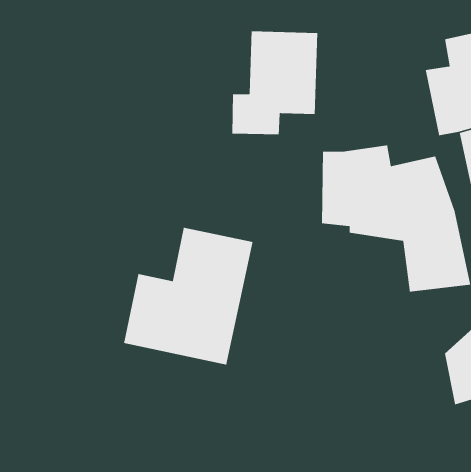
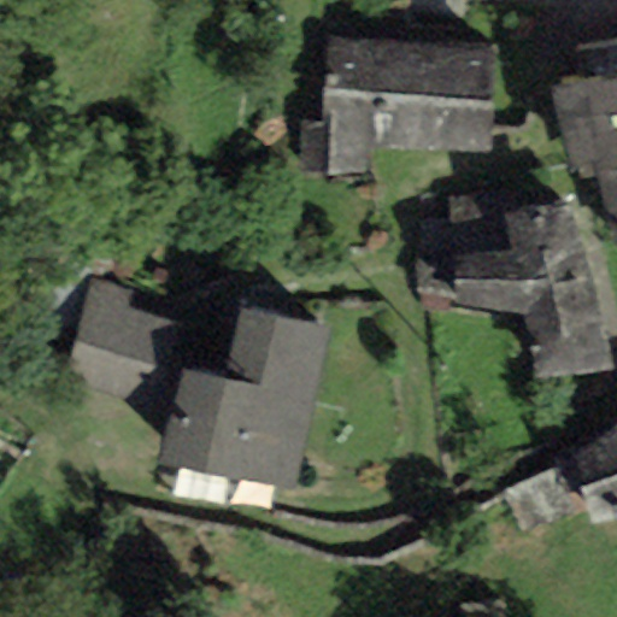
building: none -> [413,43,494,153]
building: none -> [67,276,186,399]

